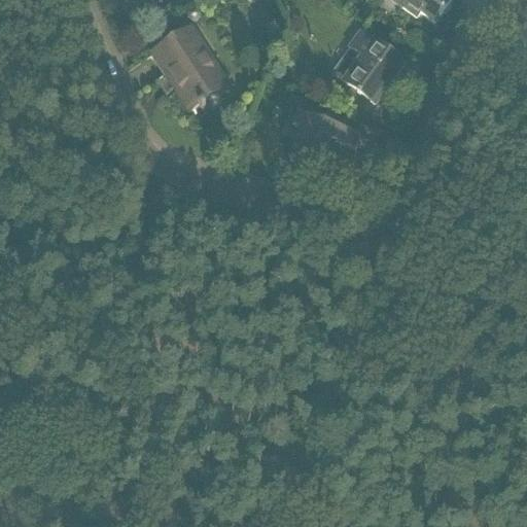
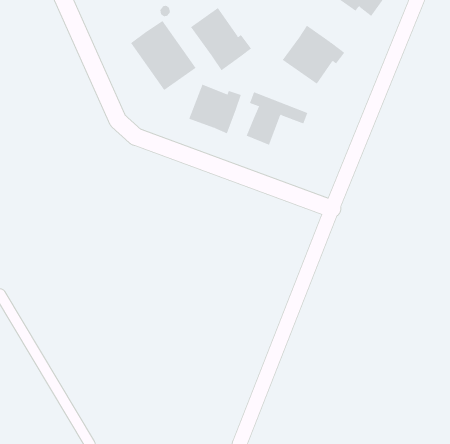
building: none -> [190,7,252,71]
building: none -> [189,84,242,134]

